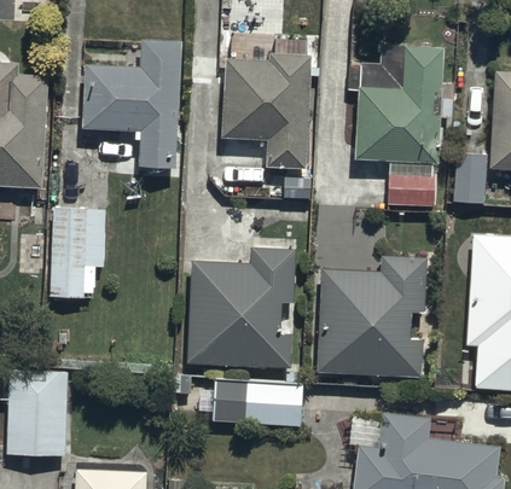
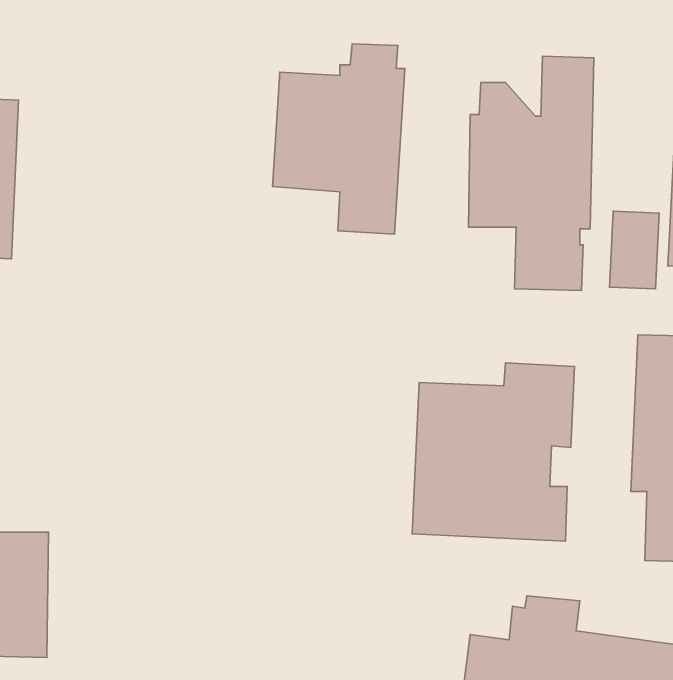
building: [81,47,179,175] -> none
building: [43,213,95,308] -> none
building: [188,246,296,366] -> none
building: [211,372,303,426] -> none

